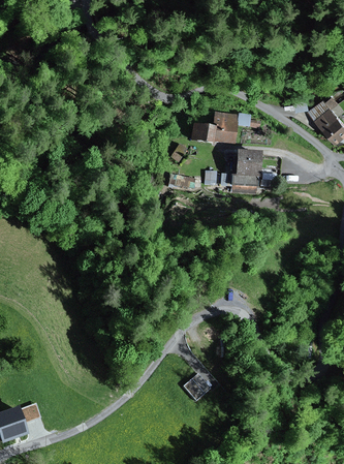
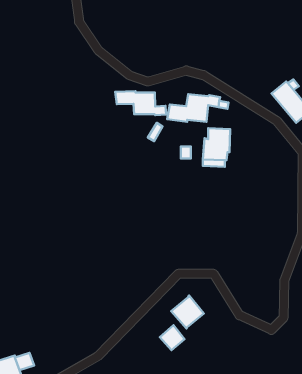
building: none -> [115,91,166,115]
building: none -> [171,296,204,328]

